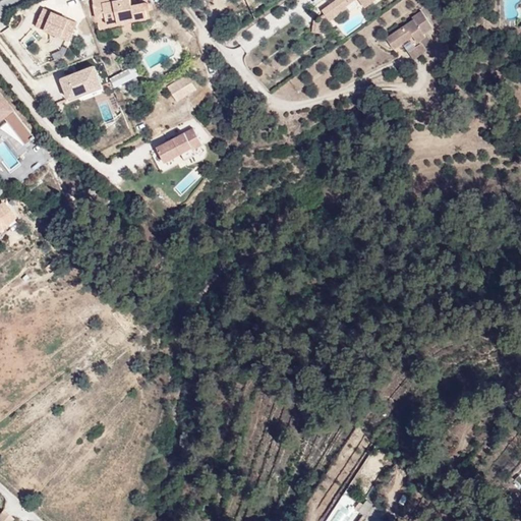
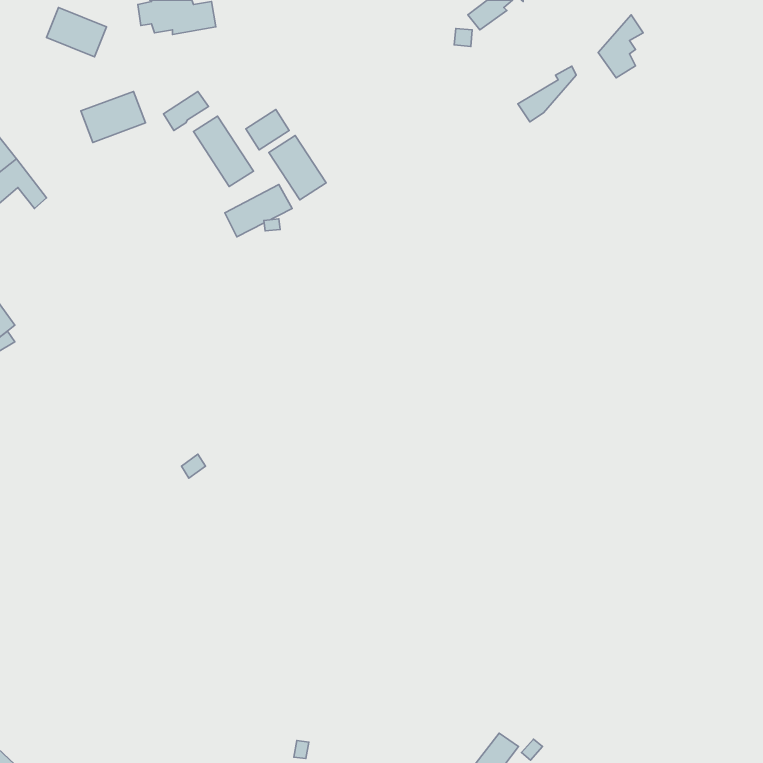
building: [389,6,428,44] -> [518,66,576,122]
building: none -> [193,116,253,187]
building: none -> [269,136,326,200]

